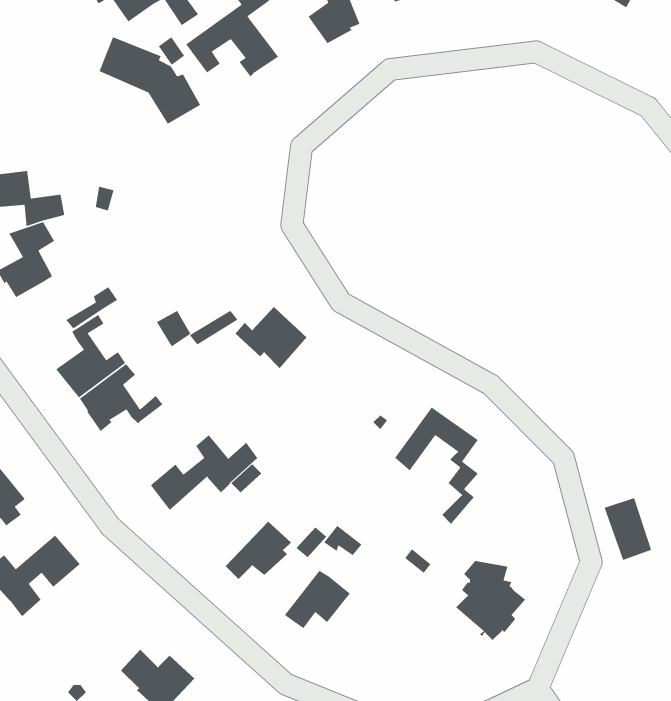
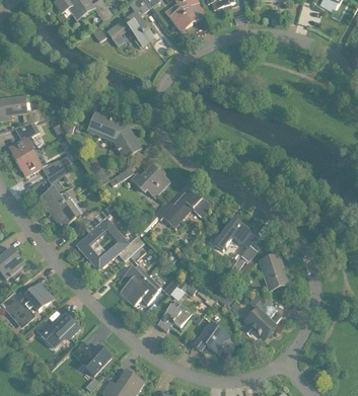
building: [99,36,201,125] -> [87,112,140,158]
building: none -> [18,150,46,176]
building: none -> [136,190,213,235]
building: none -> [76,208,118,257]
building: [602,494,653,564] -> [260,254,286,291]
building: none -> [119,264,148,299]
building: none -> [35,313,79,346]
building: none -> [194,322,232,353]

